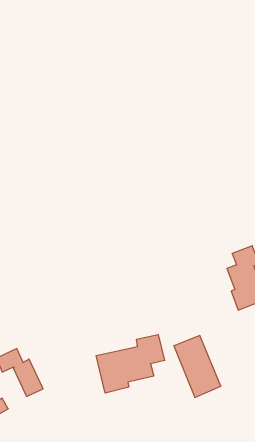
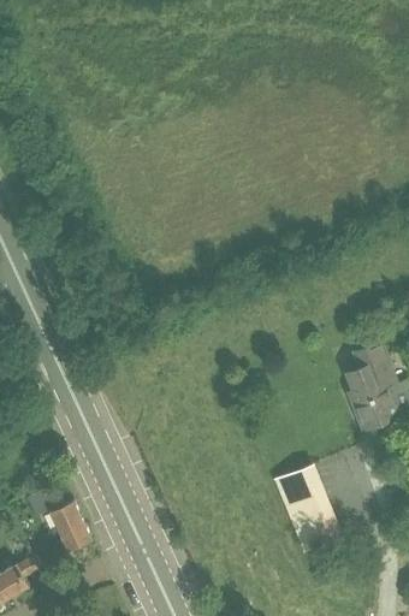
building: [96,335,165,393] -> none

